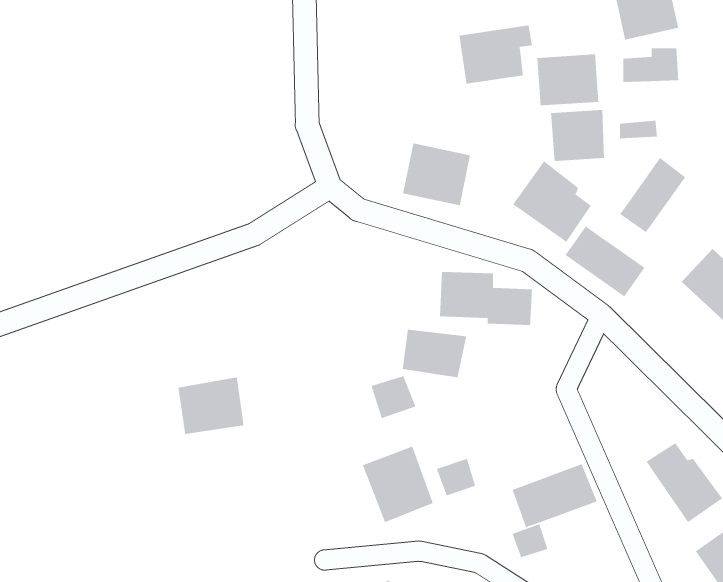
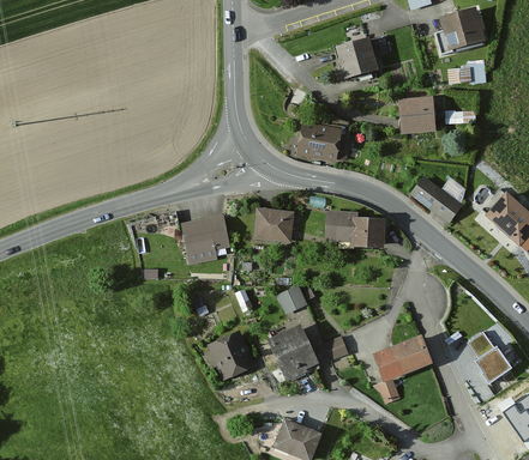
building: [536,54,599,106] -> none
building: [619,157,686,233] -> none
building: [512,160,592,243] -> none
building: [402,329,467,378] -> [252,208,296,242]
building: [177,377,244,435] -> [182,218,228,258]
building: none -> [208,332,254,377]

